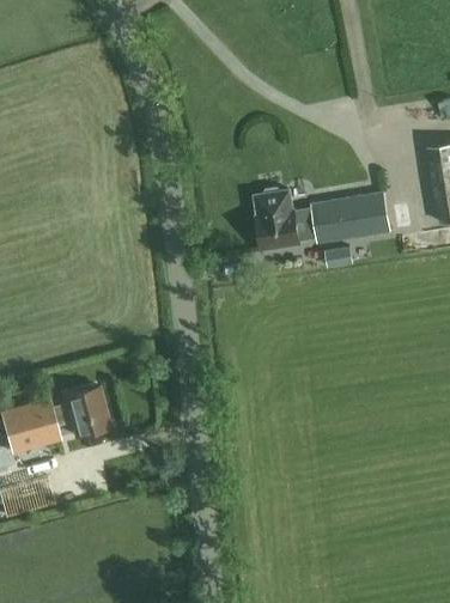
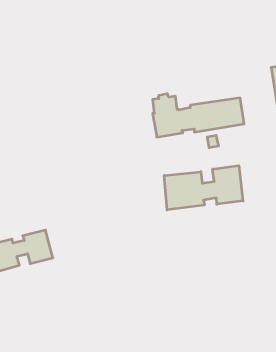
building: none -> [164,166,243,210]

